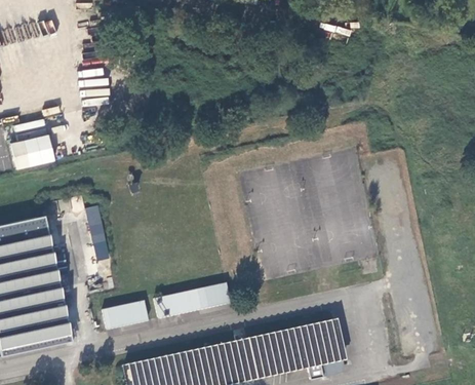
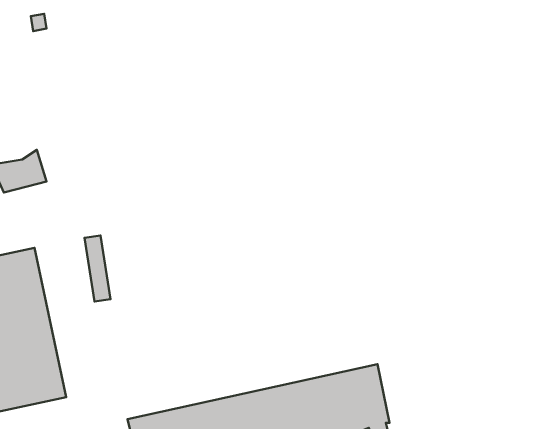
building: [153,282,229,318] -> none
building: [101,301,147,330] -> none

